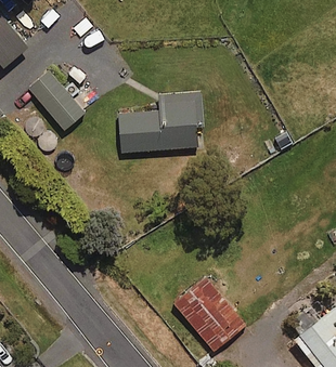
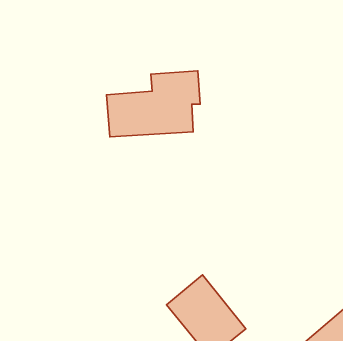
building: [29,71,85,130] -> none

